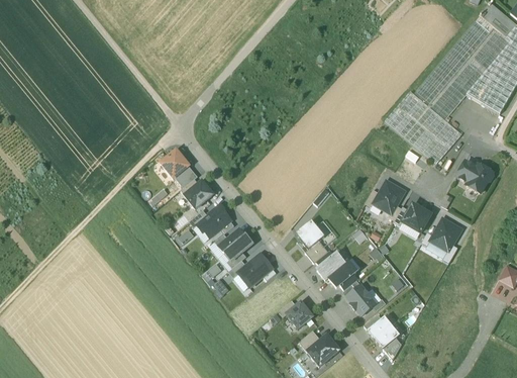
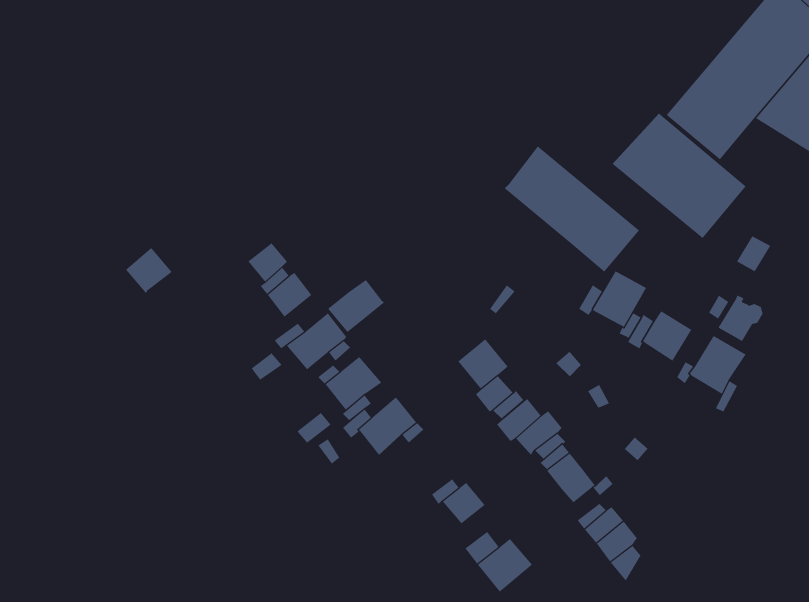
building: none -> [504,145,640,272]
building: [162,150,189,177] -> [125,247,172,294]
building: [467,164,493,191] -> [718,295,763,342]
building: none -> [328,279,385,333]

